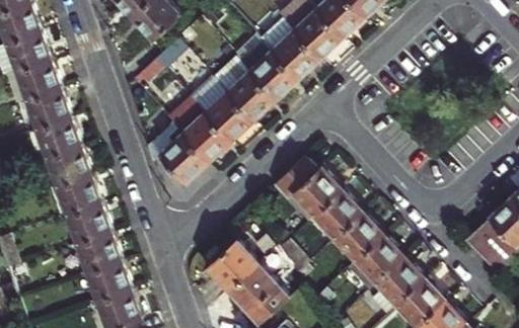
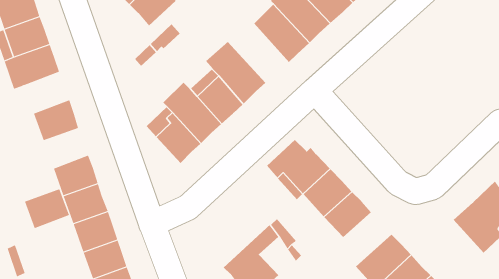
building: [230,32,297,100] -> none
building: [24,89,72,132] -> none
building: [45,147,91,188] -> [24,189,70,229]
building: [345,233,402,289] -> none
building: [200,242,255,290] -> none

